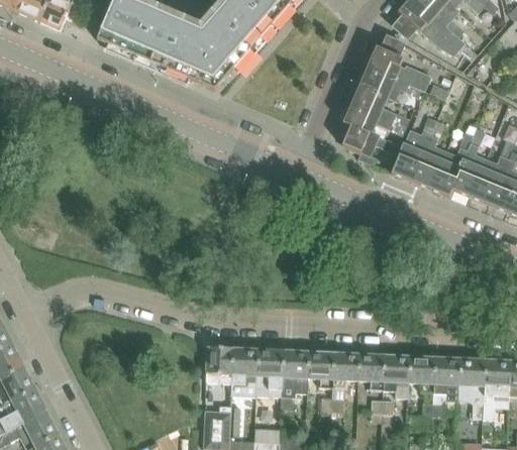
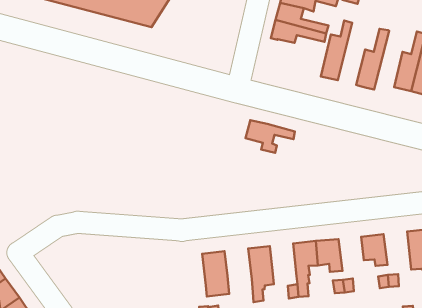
building: [410,119,445,188] -> none
building: [342,124,398,164] -> [246,120,295,153]
building: [451,127,486,197] -> none
building: [205,345,231,382] -> none
building: [254,348,283,398] -> none
building: [306,350,333,387] -> none
building: [383,354,409,398] -> none
building: [433,356,460,400] -> none

